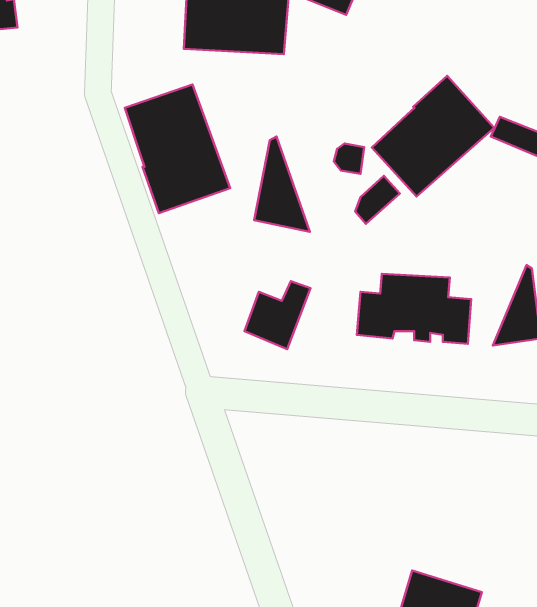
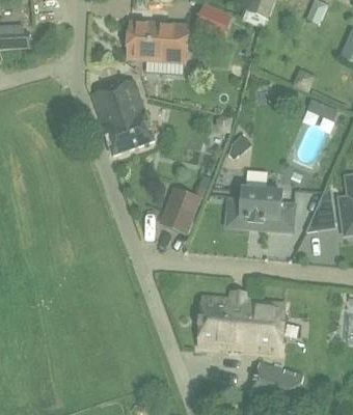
building: [372,76,494,196] -> none
building: [254,137,310,232] -> none
building: none -> [194,292,284,353]

